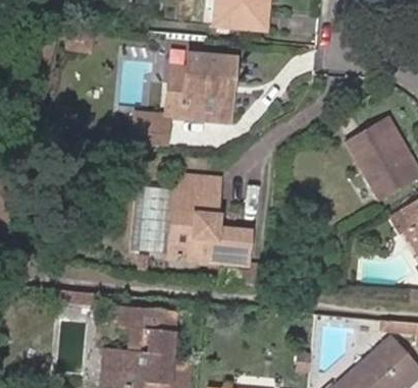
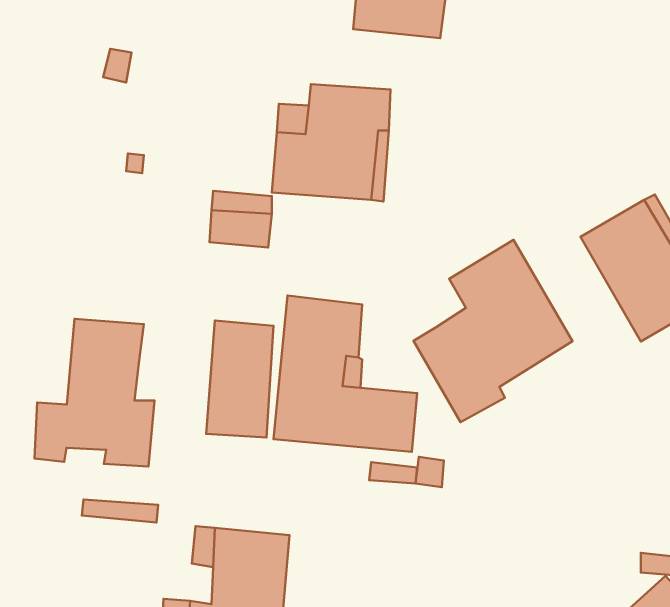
building: none -> [414,240,572,422]
building: none -> [35,319,154,467]

